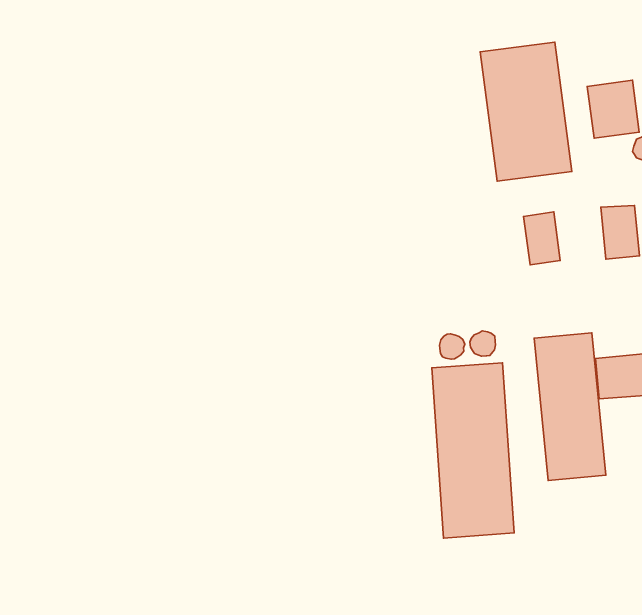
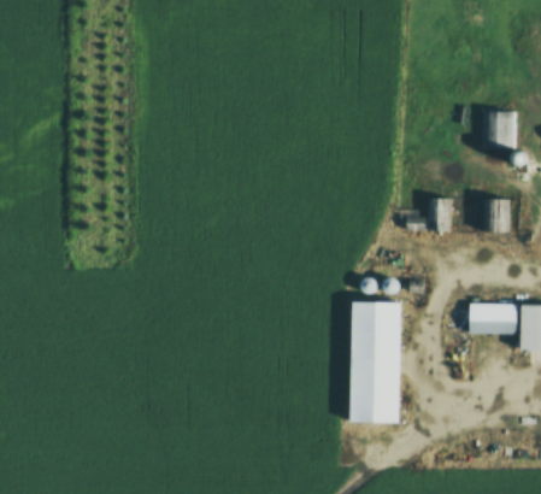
building: [480,42,572,181] -> none
building: [534,333,606,480] -> none

